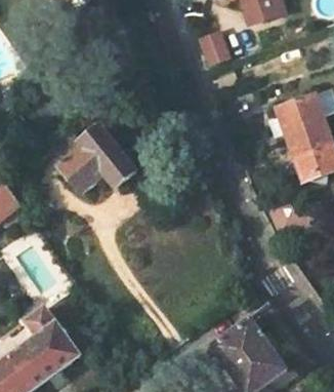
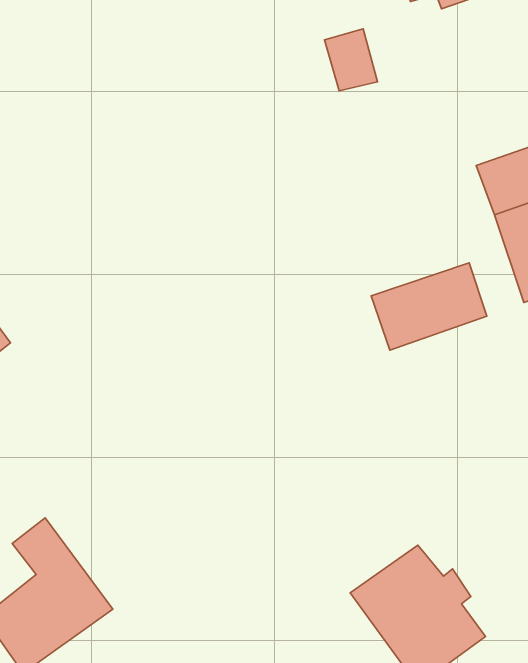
building: [48,127,136,192] -> none
building: none -> [371,263,487,350]

